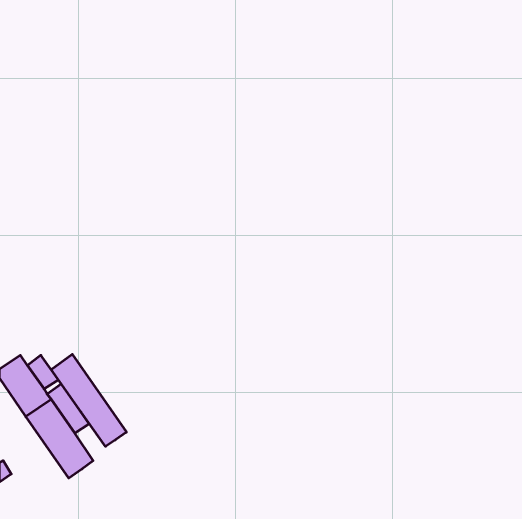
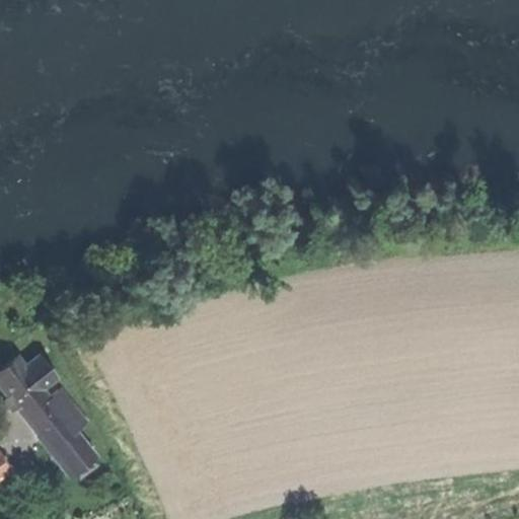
building: [51,354,126,446] -> none

